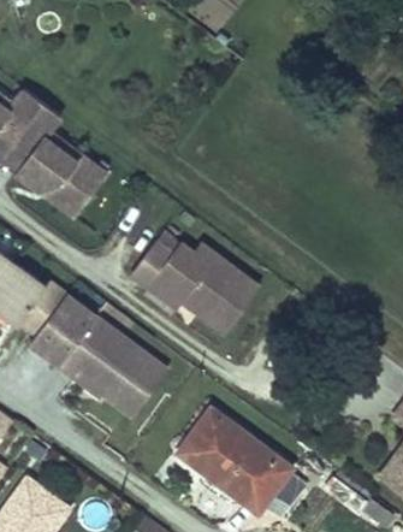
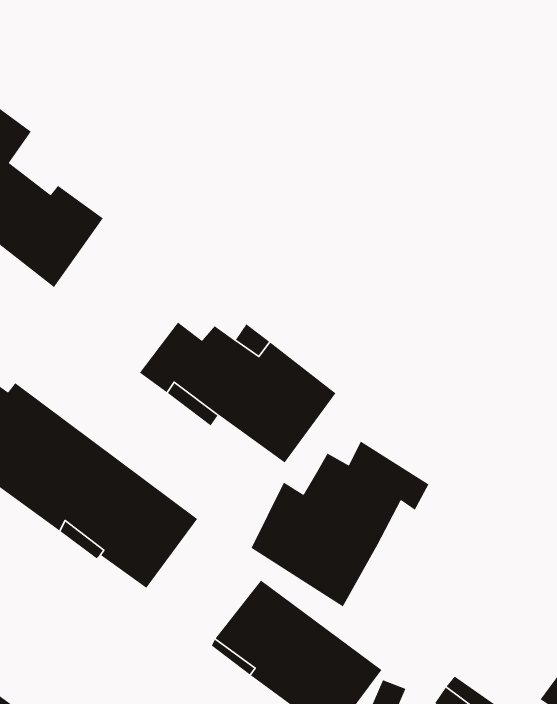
building: none -> [251,441,429,607]

